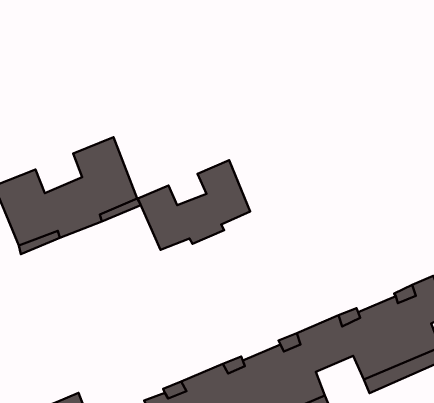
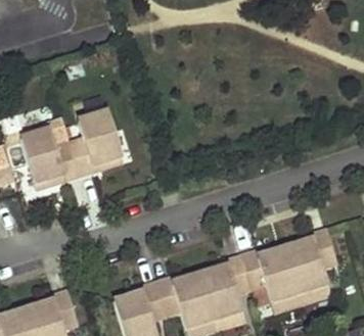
building: [138,160,250,250] -> none

